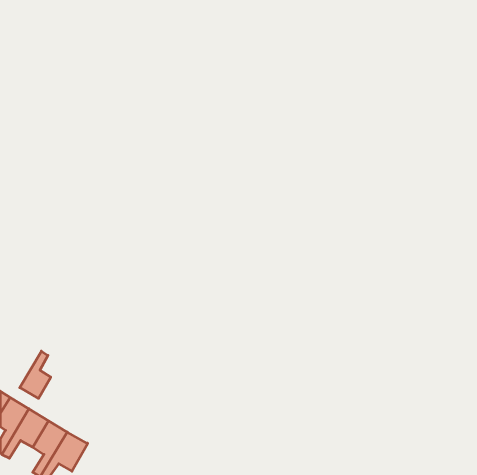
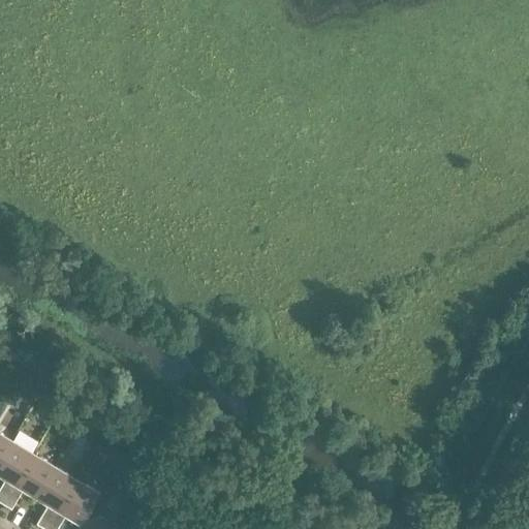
building: [20,351,51,398] -> none

